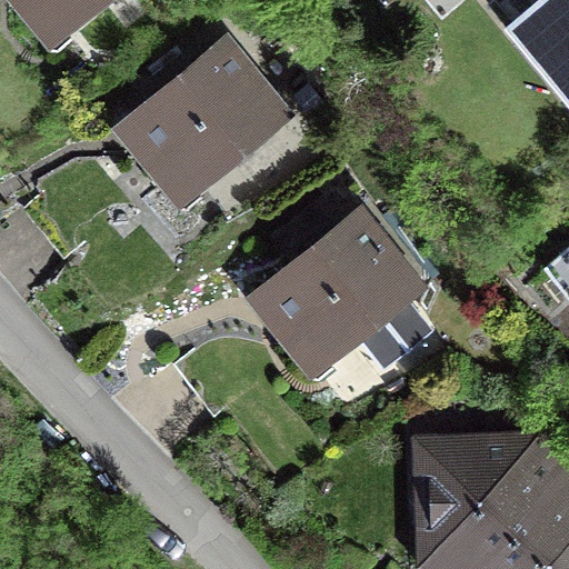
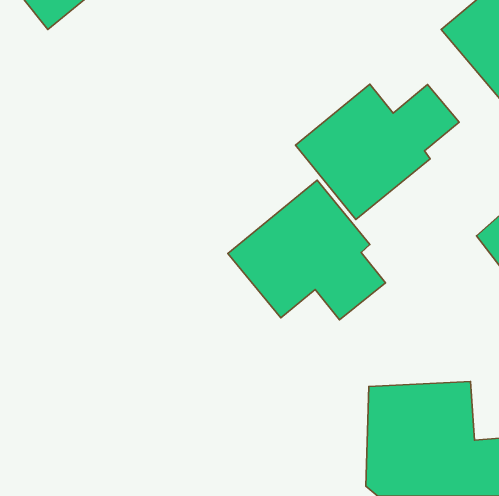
building: [111,33,298,212] -> none
building: none -> [296,84,459,220]

